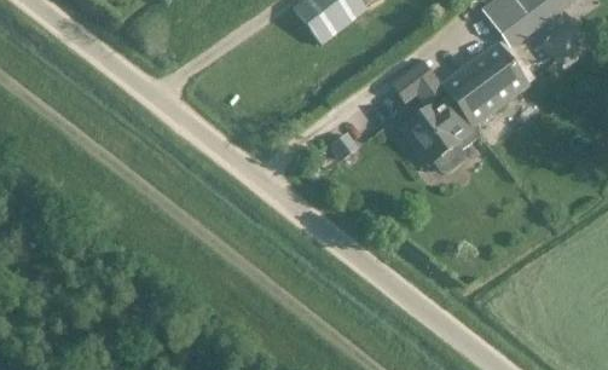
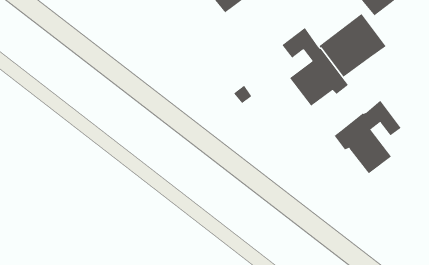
building: none -> [334,100,402,174]

